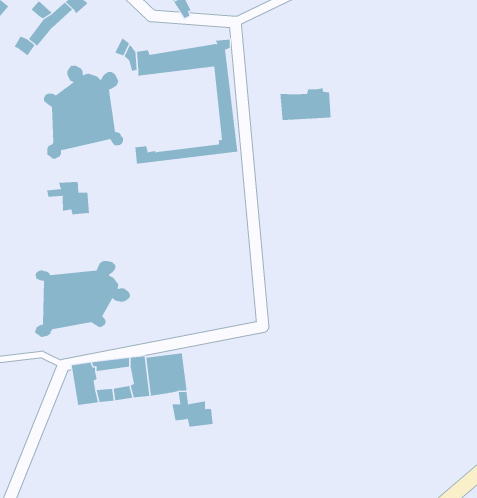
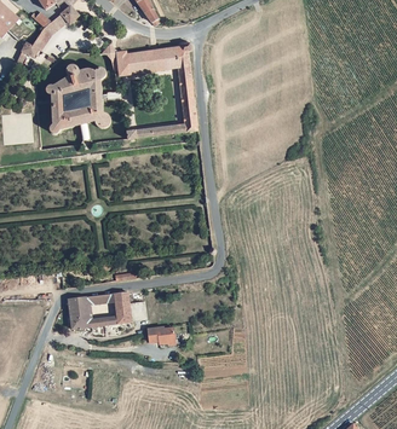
building: [280,87,331,121] -> none
building: [46,181,89,215] -> none
building: [34,260,131,338] -> none

